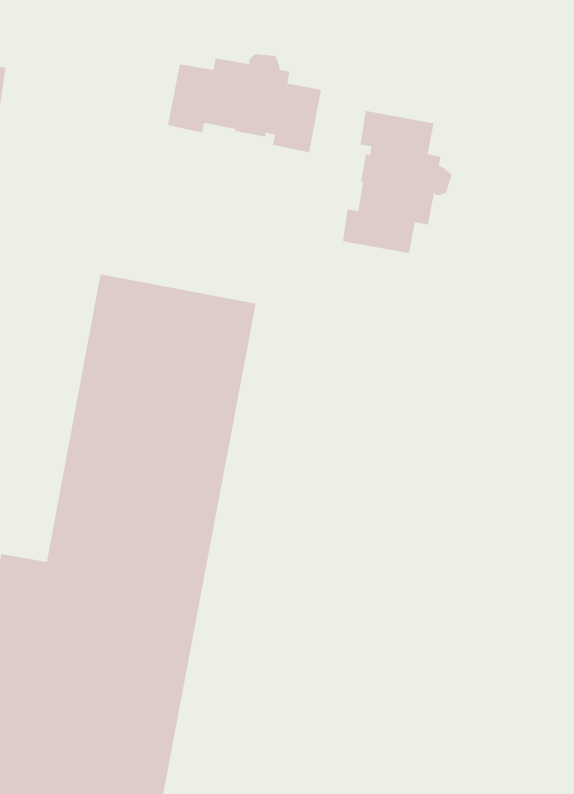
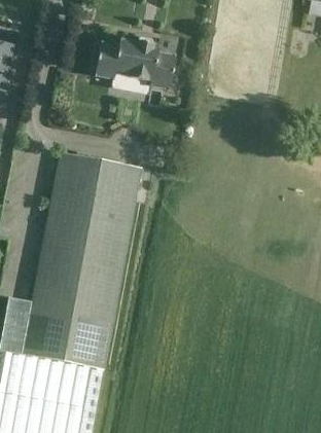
building: [342,110,452,254] -> none

